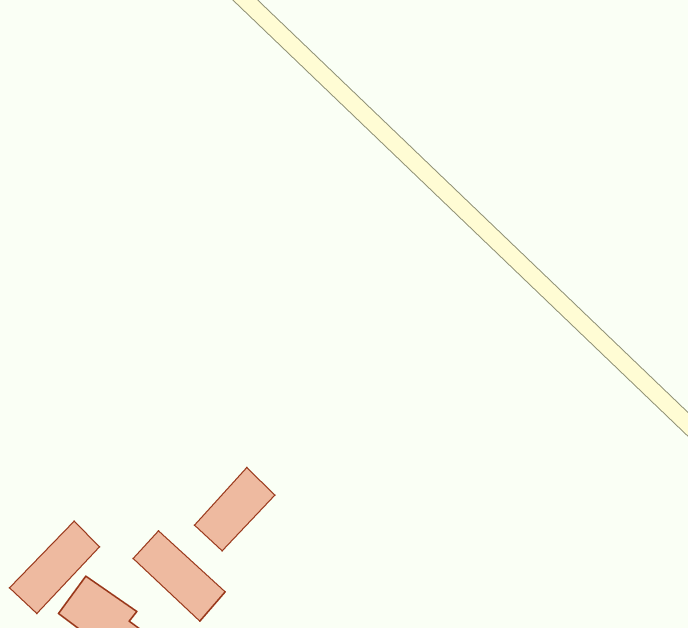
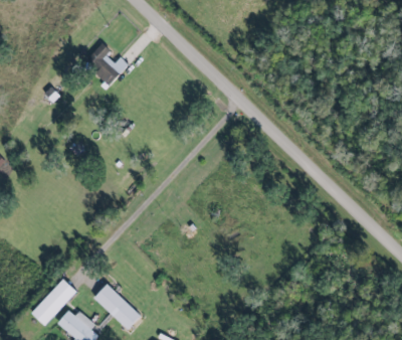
building: none -> [89,44,129,86]
building: [194,468,275,551] -> none

